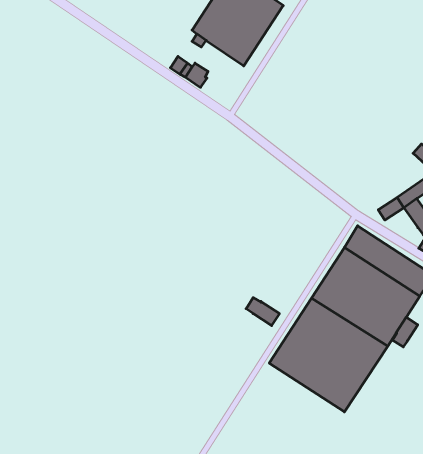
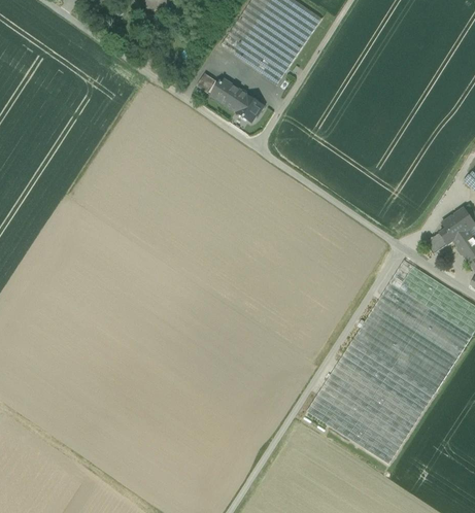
building: none -> [231,90,266,123]
building: [246,298,279,326] -> none
building: [393,317,418,347] -> none

